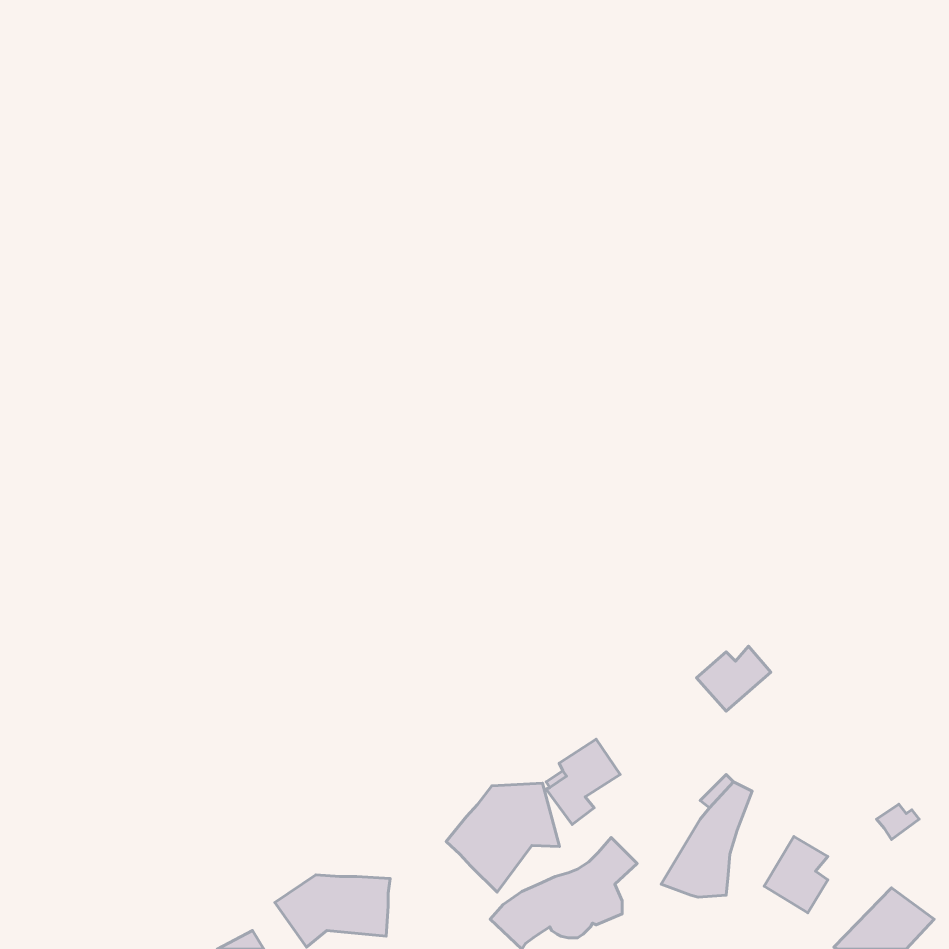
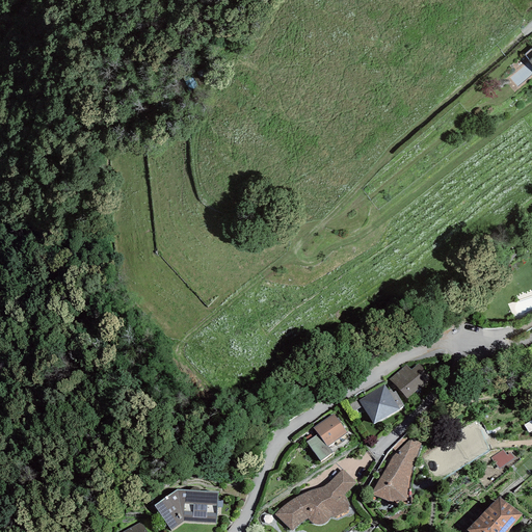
building: none -> [358,384,404,425]
building: [446,783,559,892] -> none
building: [764,836,828,913] -> none

